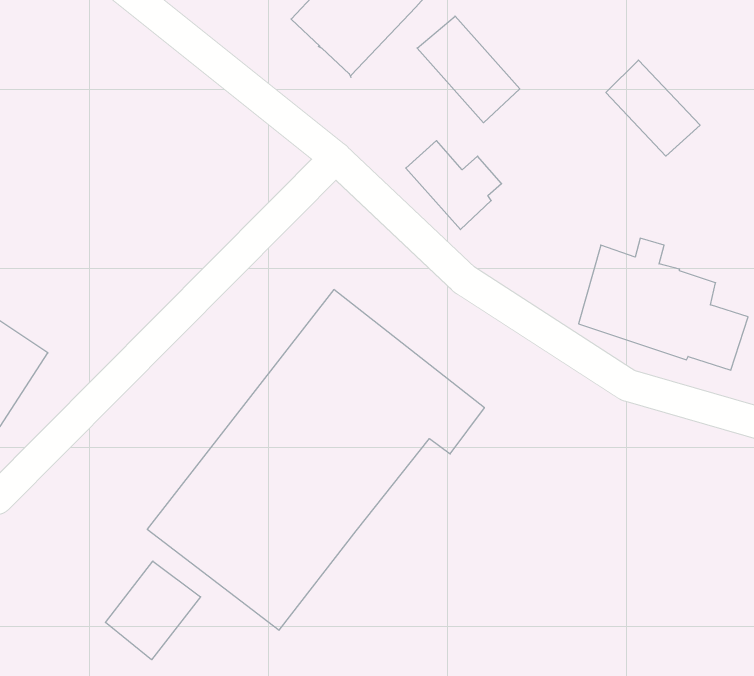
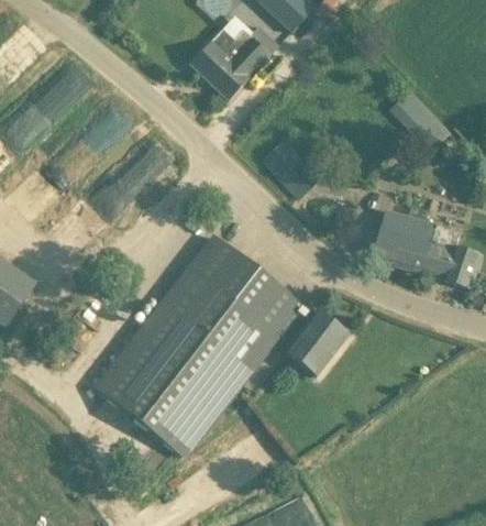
building: [417,16,520,123] -> none
building: none -> [283,309,346,376]
building: [105,561,201,660] -> none

